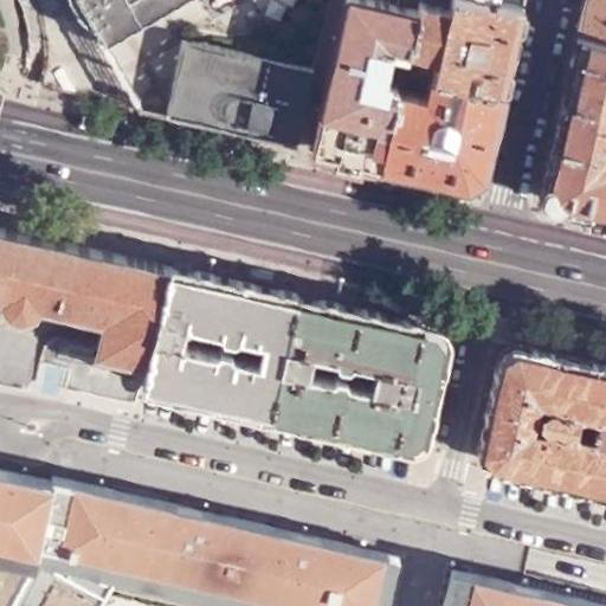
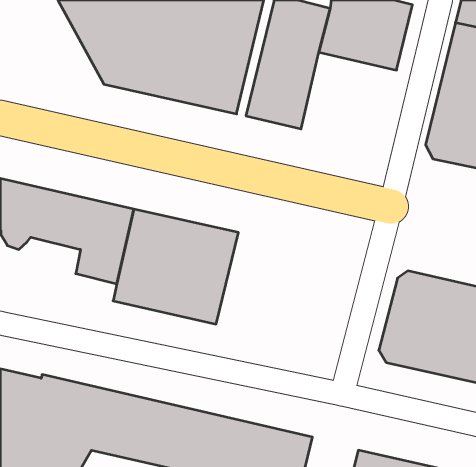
building: [383,79,504,195] -> none
building: [276,308,450,454] -> none

